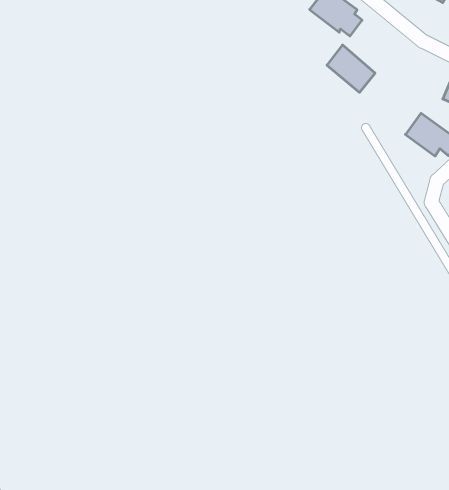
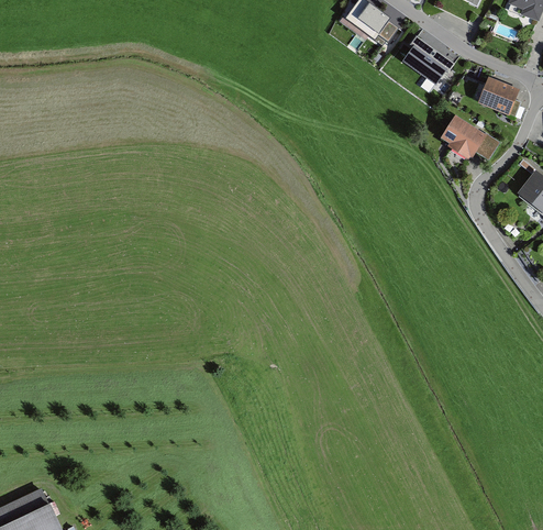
building: [327,45,375,92] -> [400,34,448,80]

